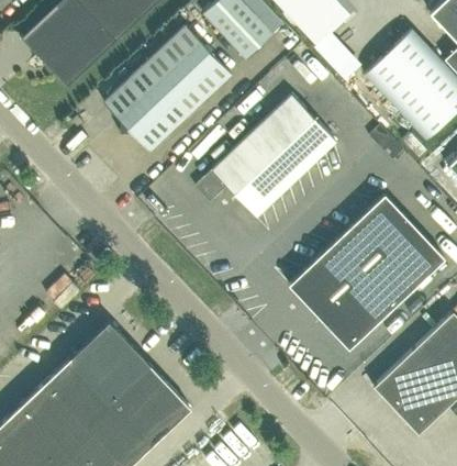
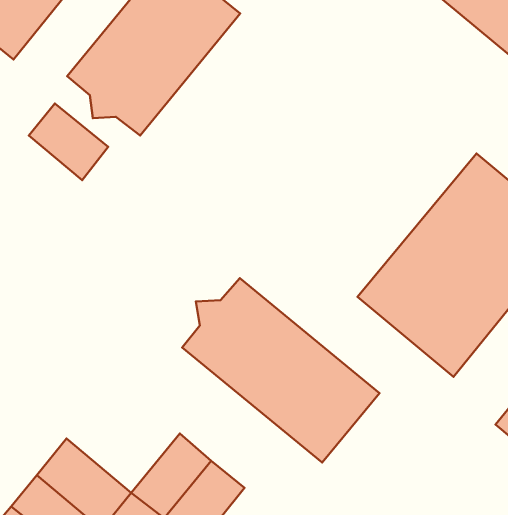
building: [194,95,337,219] -> none
building: none -> [29,103,108,180]
building: none -> [182,278,380,462]
building: [70,322,151,402] -> none

